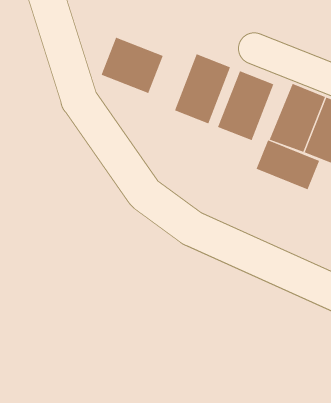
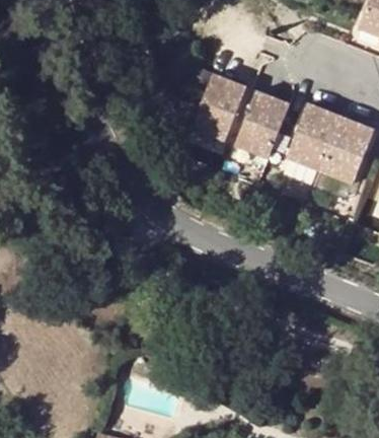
building: [101,37,164,94] -> none
building: [256,139,320,190] -> none

